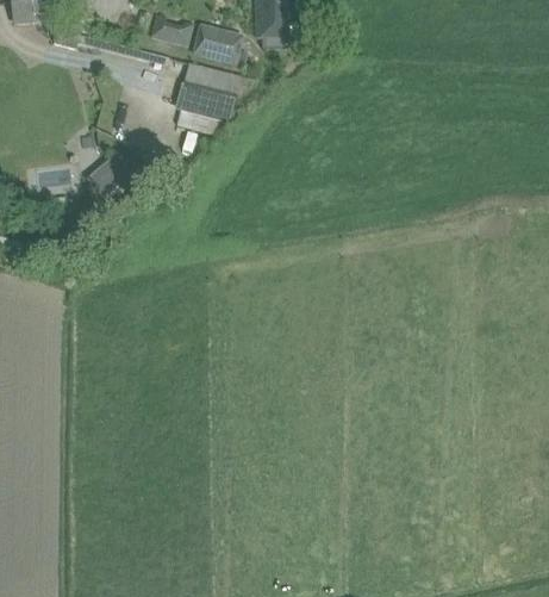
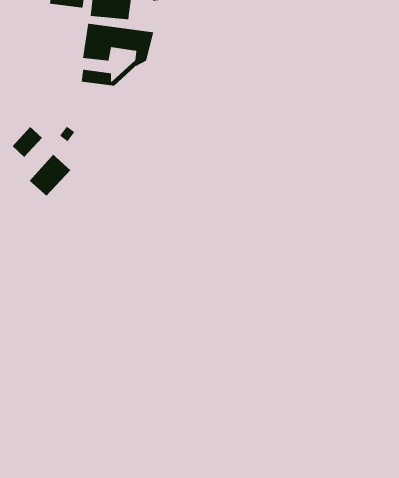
building: none -> [29,154,71,196]

